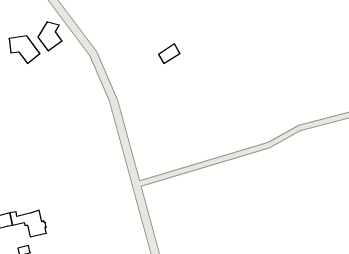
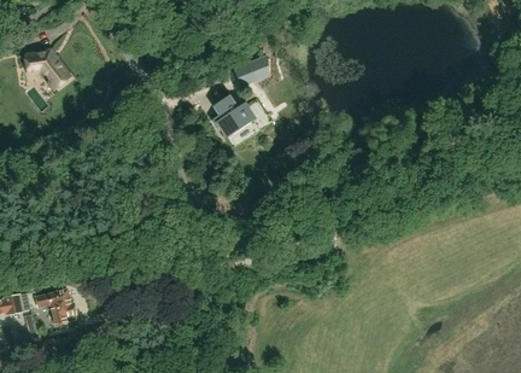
building: [38,22,62,51] -> none
building: none -> [211,99,251,133]

